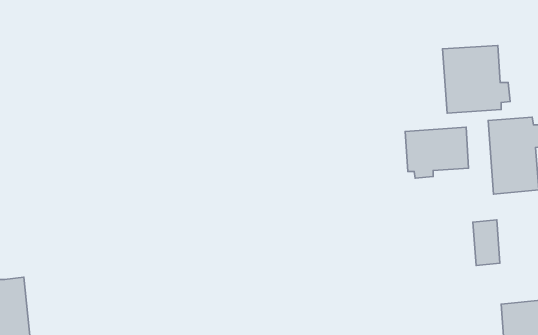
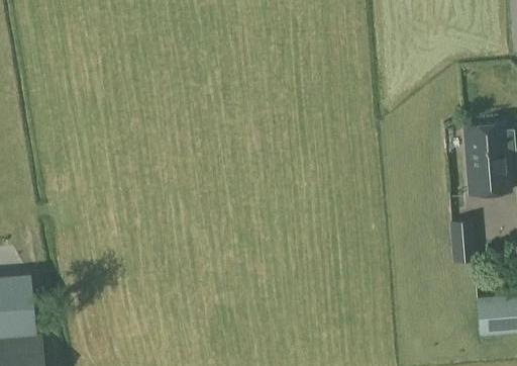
building: [443,46,510,113] -> none
building: [405,127,468,178] -> none

